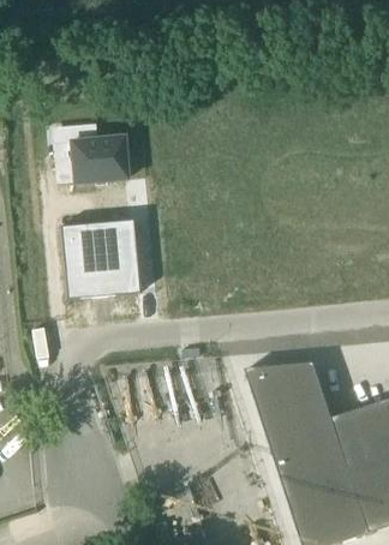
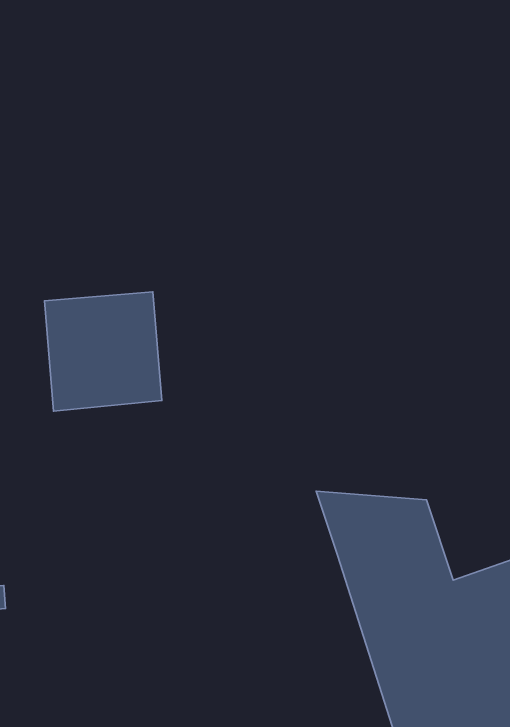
building: [58,142,130,187] -> none

